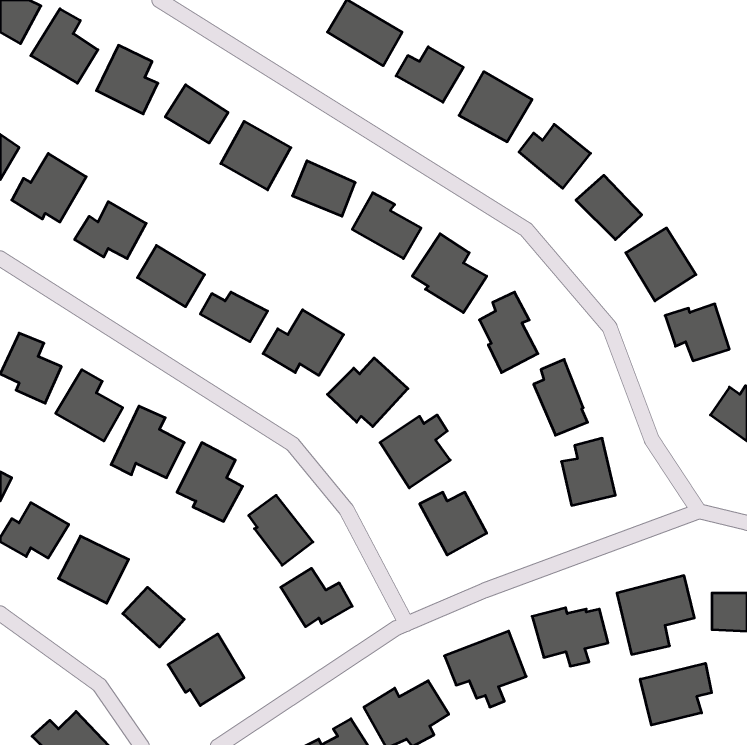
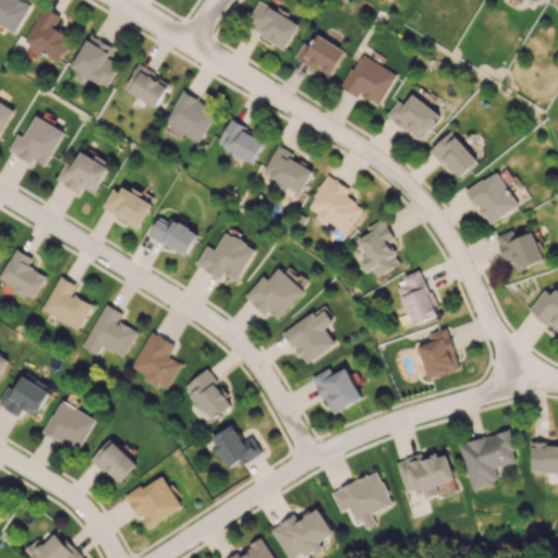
building: [640,663,712,725] -> none

